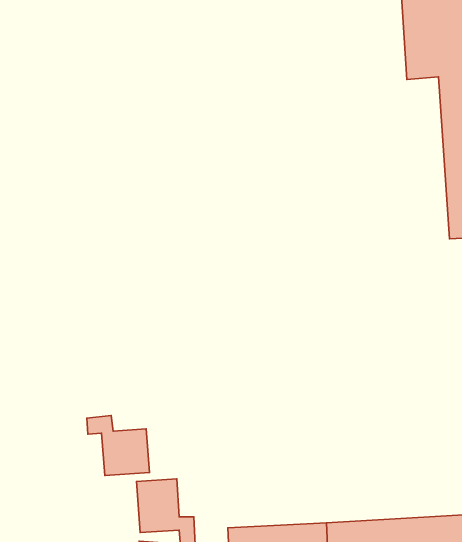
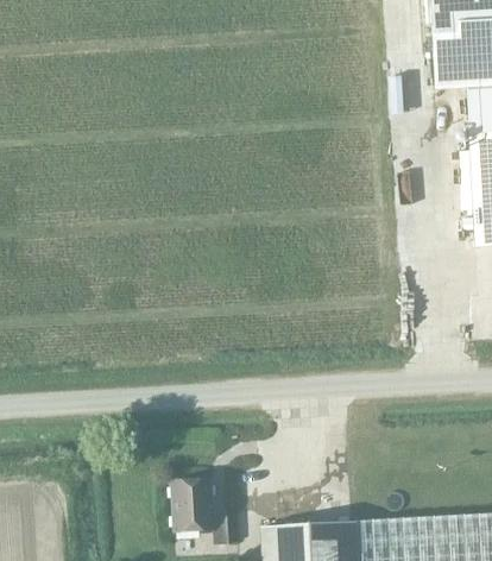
building: [87,416,150,476] -> none

